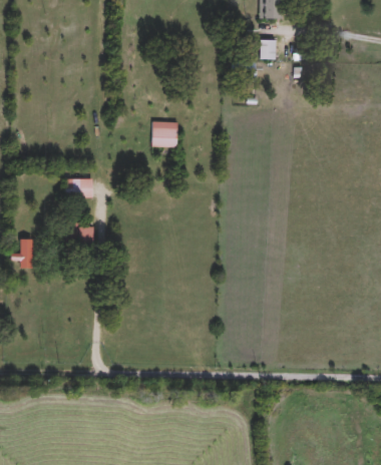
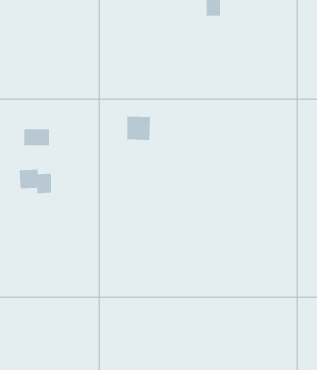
building: [152,120,178,146] -> [127,116,151,140]

